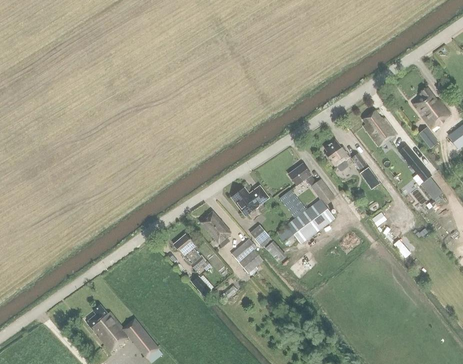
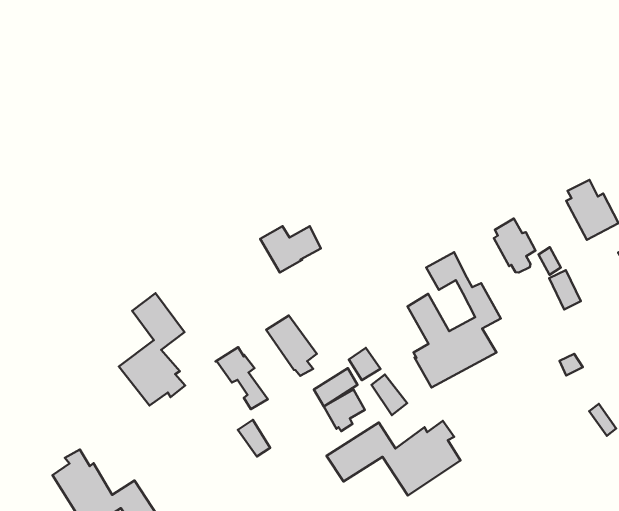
building: [232,185,268,214] -> [260,226,321,272]
building: none -> [119,293,185,406]
building: none -> [327,421,460,495]

